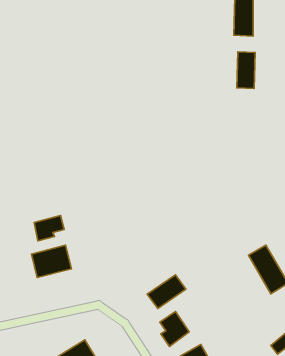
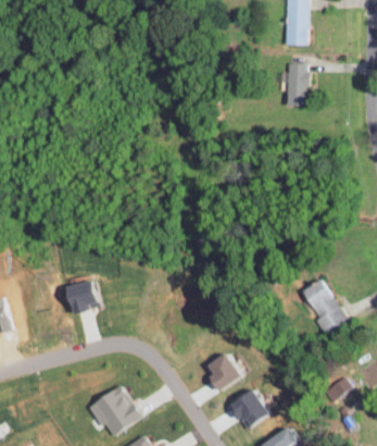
building: [34,215,64,241] -> none
building: [147,275,186,308] -> none

